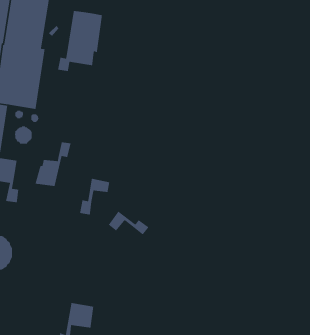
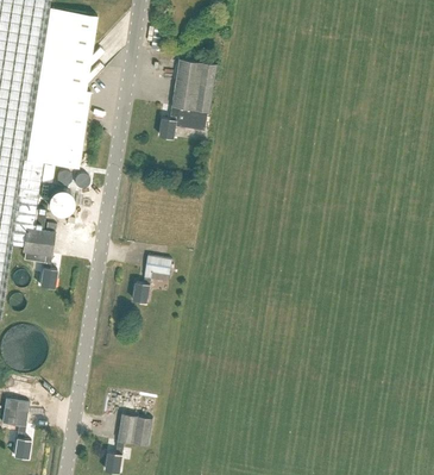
building: [57,10,103,72] -> [158,60,216,138]
building: [35,141,72,187] -> none
building: [108,210,150,236] -> none

